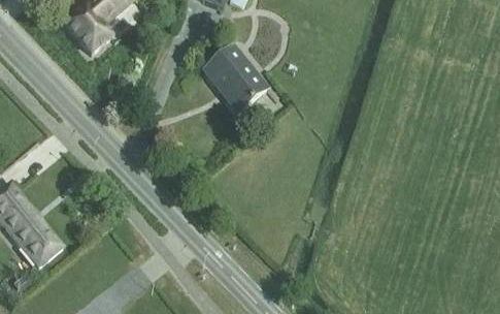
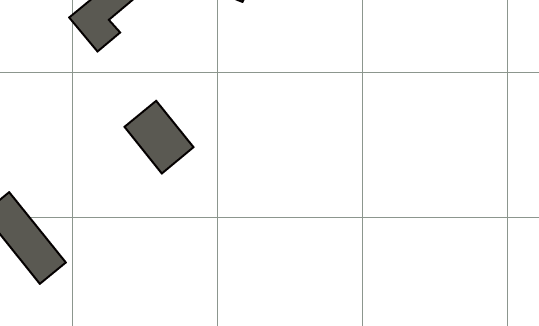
building: [204,46,267,113] -> [124,101,193,173]

